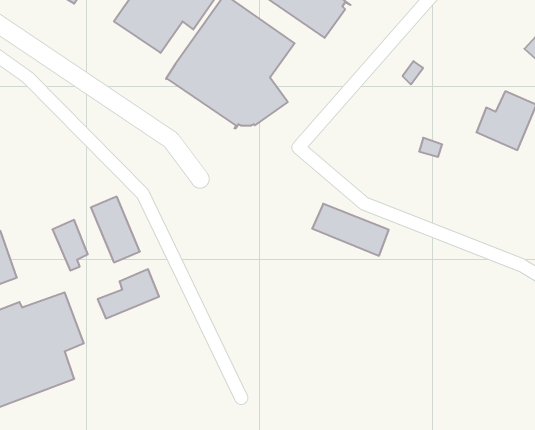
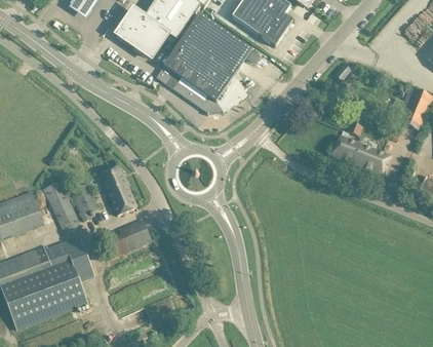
building: [312,204,389,256] -> [331,136,389,175]
building: none -> [42,179,80,232]

